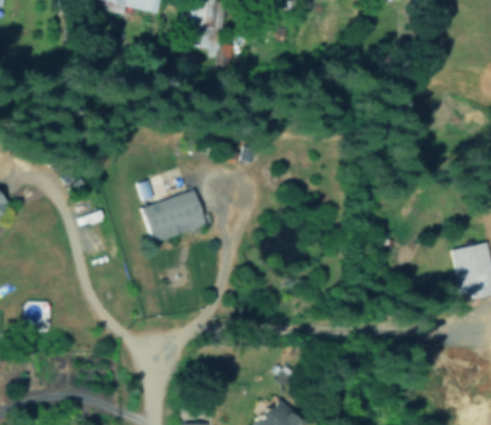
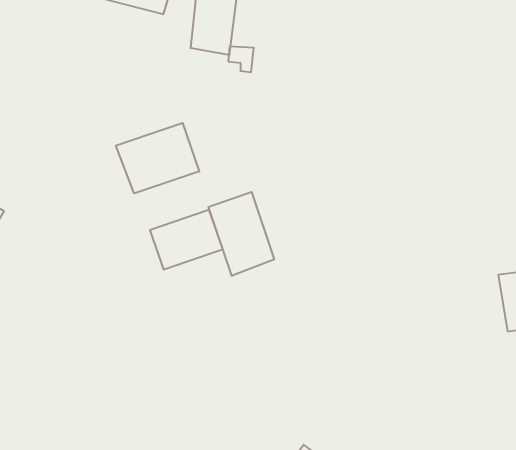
building: none -> [116,123,199,193]
building: none -> [208,192,274,276]

